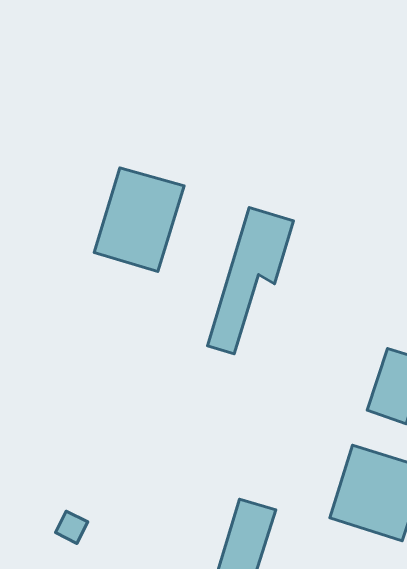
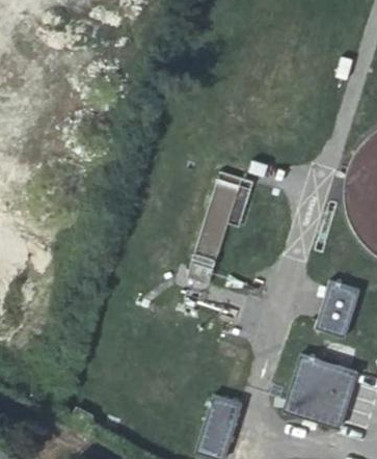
building: [94,168,184,272] -> none

